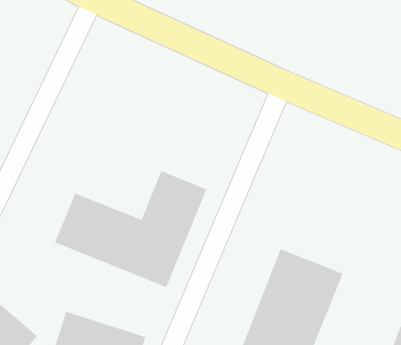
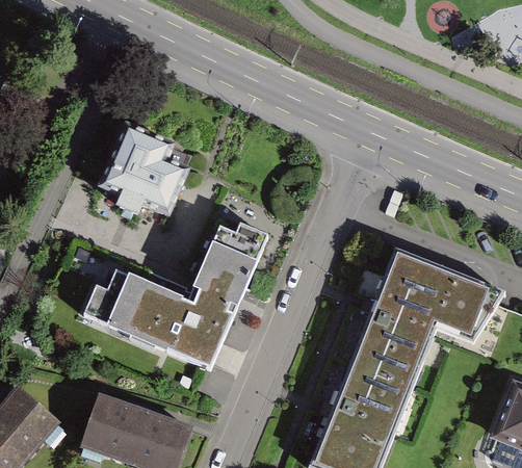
building: none -> [92,112,193,212]
building: none -> [356,243,496,353]

